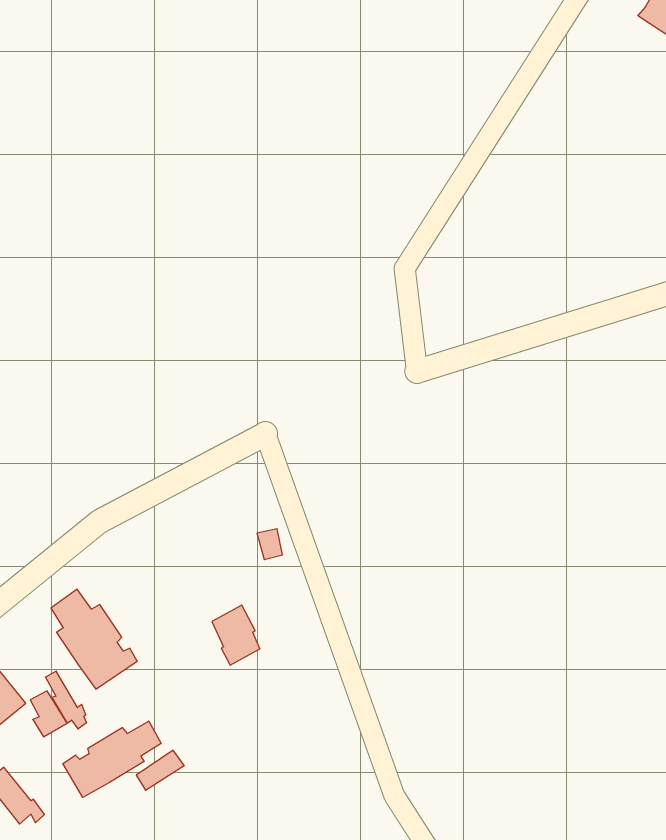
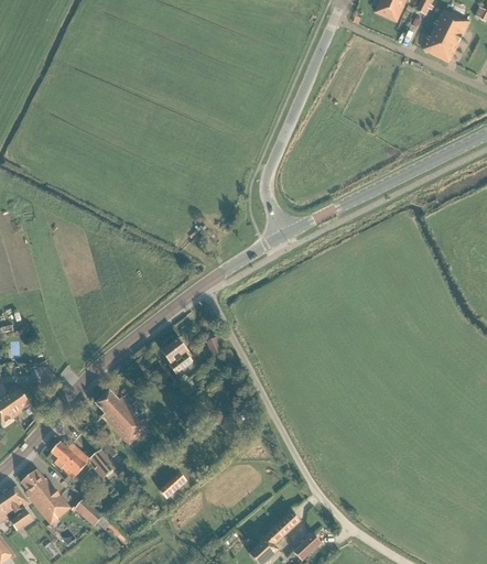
building: [212,605,260,665] -> [162,338,192,373]
building: [63,721,161,797] -> none

